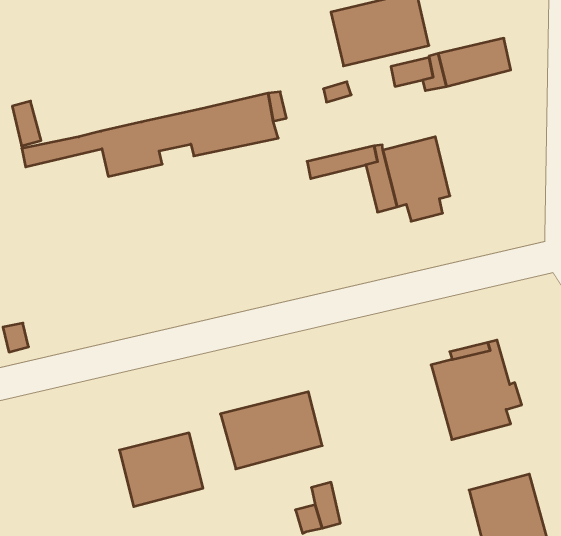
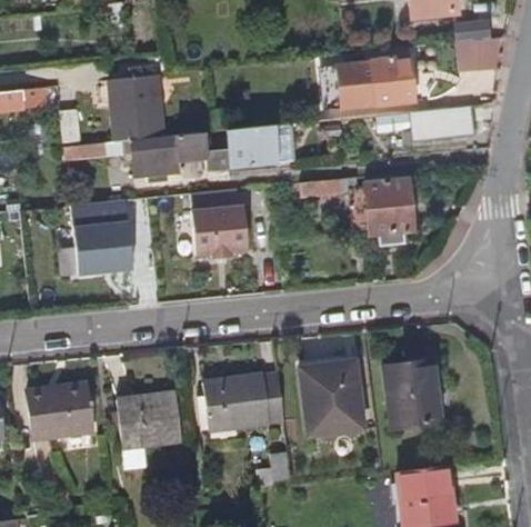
building: none -> [111,66,170,140]
building: none -> [192,191,249,260]
building: none -> [72,201,133,276]
building: none -> [297,359,361,435]
building: none -> [24,385,89,441]

